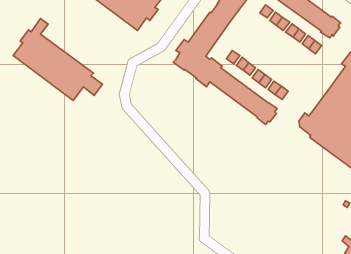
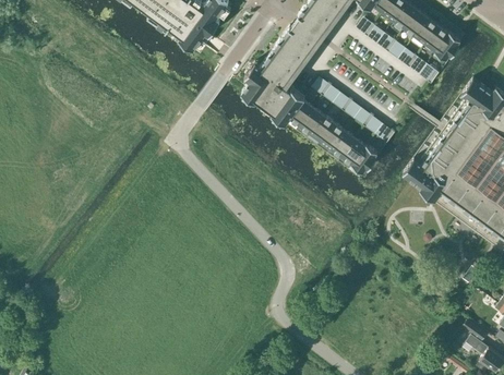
building: [13,18,103,100] -> none

